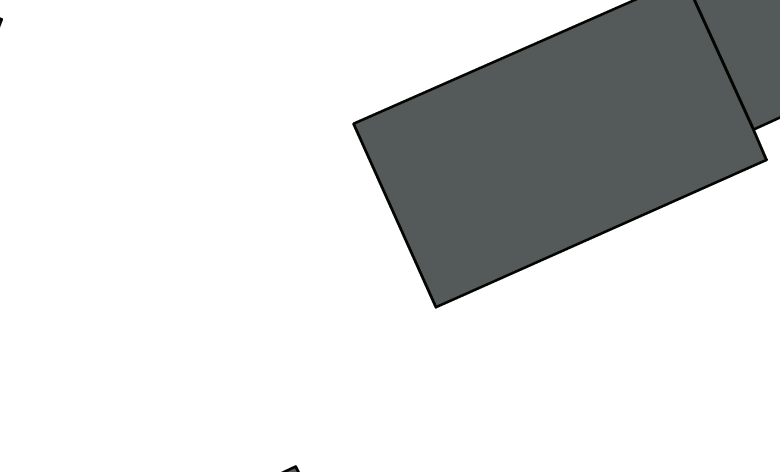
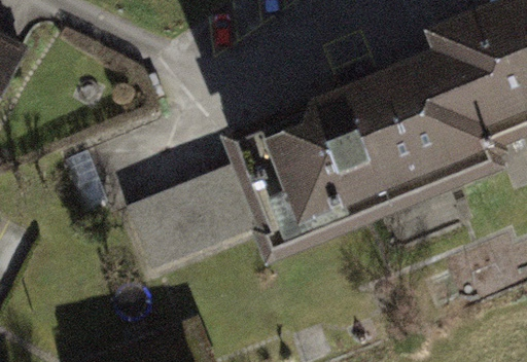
building: none -> [135,168,251,265]

